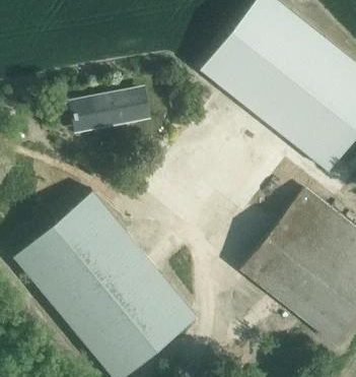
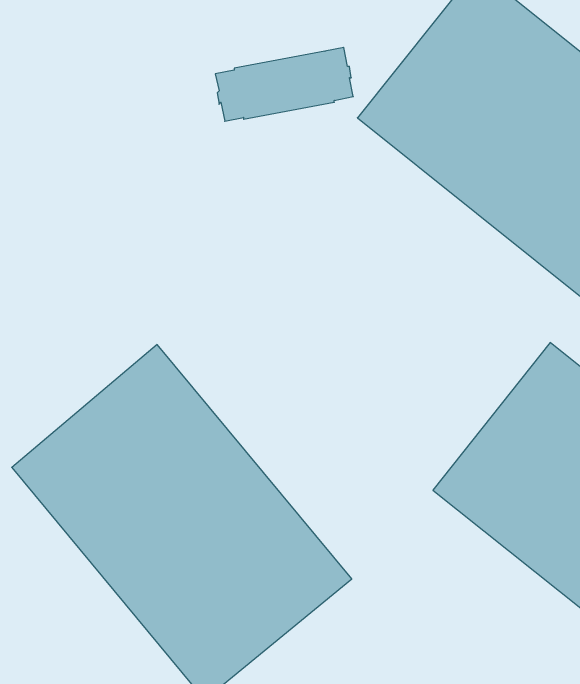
building: [73,90,147,130] -> [215,47,353,121]

